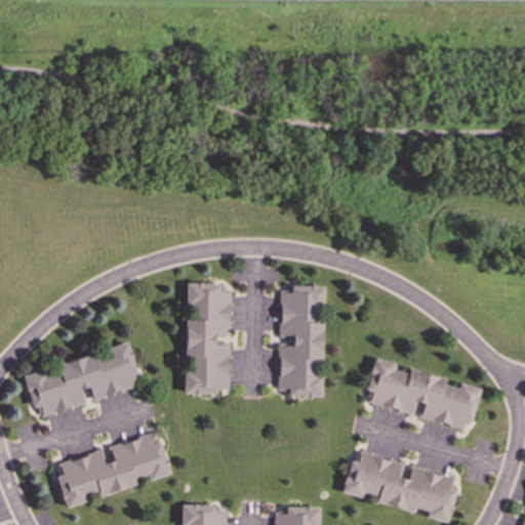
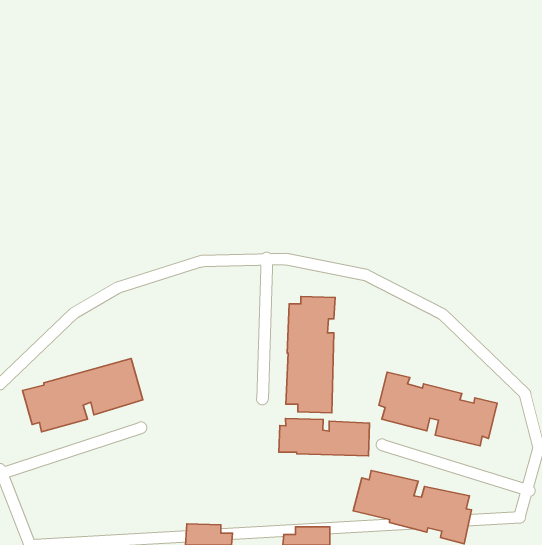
building: [186,283,231,394] -> none
building: none -> [279,418,370,456]
building: [57,435,170,508] -> none

